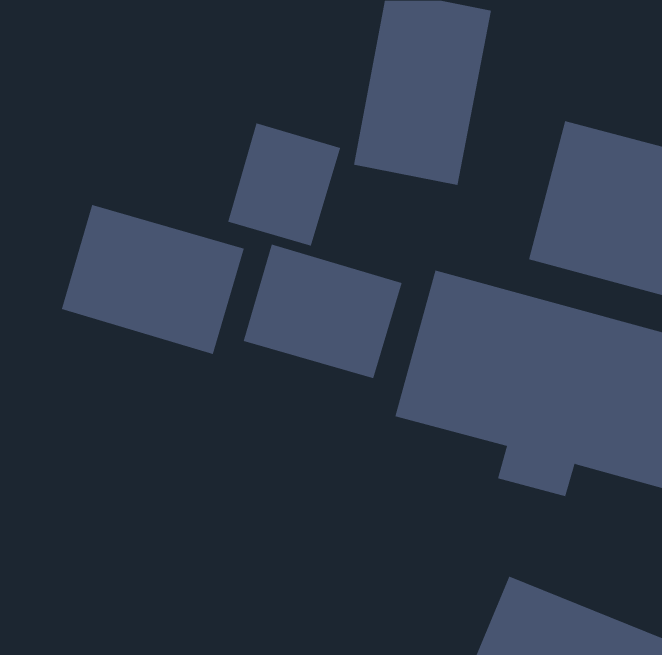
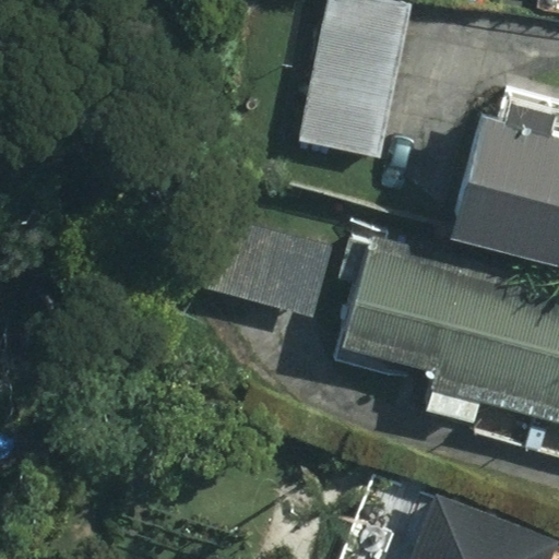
building: [227,123,341,247] -> none
building: [61,204,244,355] -> none

